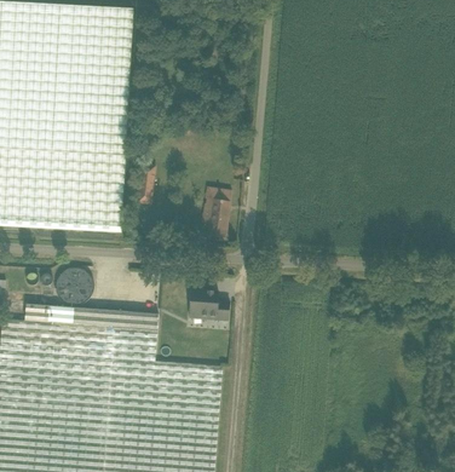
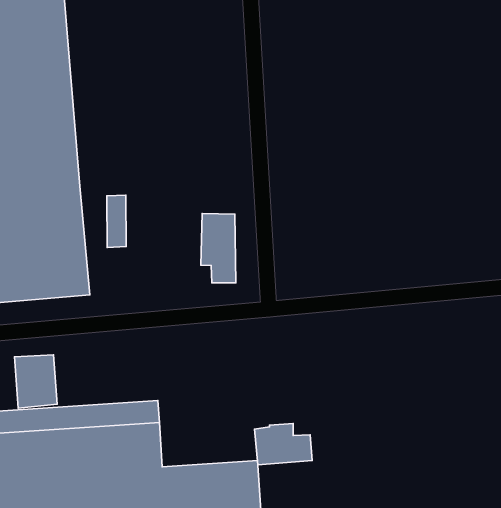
building: [189,290,229,320] -> [255,424,312,465]

